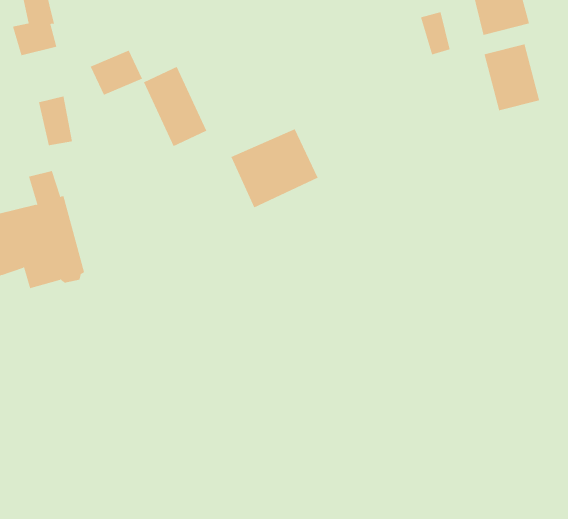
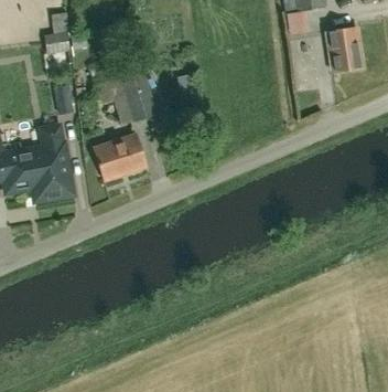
building: [484,44,540,111] -> none
building: [230,129,318,208] -> [93,135,146,181]

